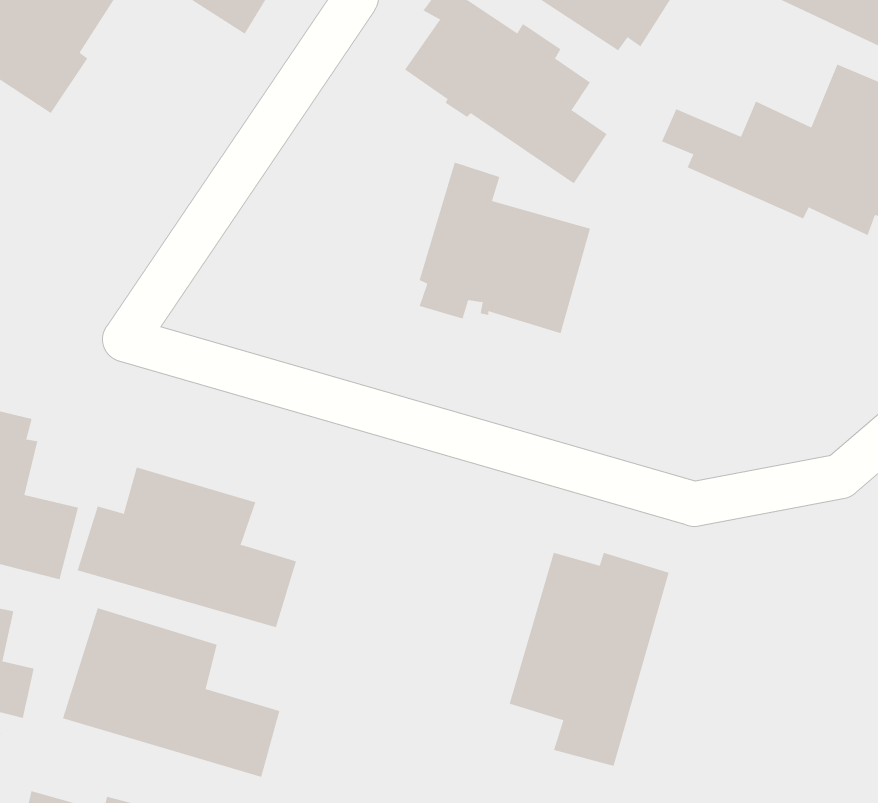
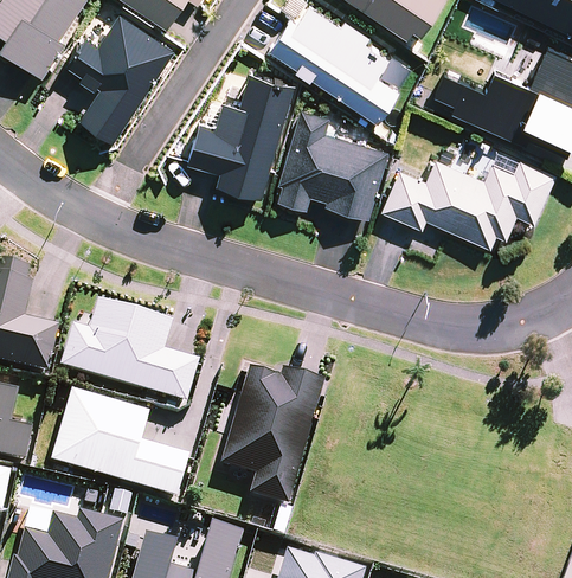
building: none -> [65,12,172,137]
building: none -> [186,69,293,194]
building: none -> [381,154,557,245]
building: [509,552,670,767] -> [220,368,323,506]

